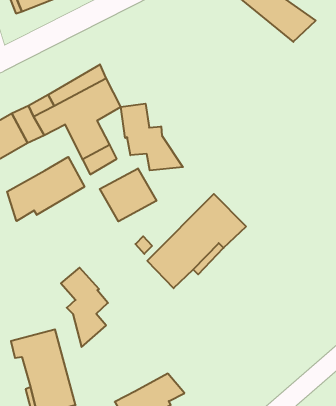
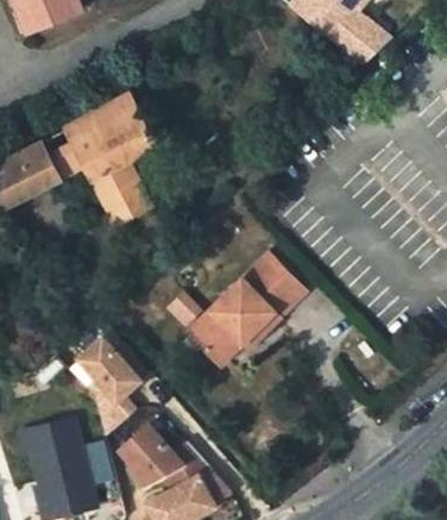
building: [121,104,183,170] -> none
building: [7,157,84,221] -> none
building: [100,168,156,221] -> none
building: none -> [121,425,212,490]

